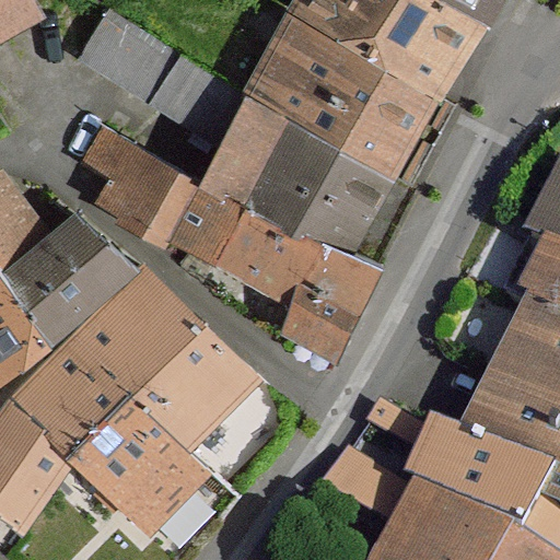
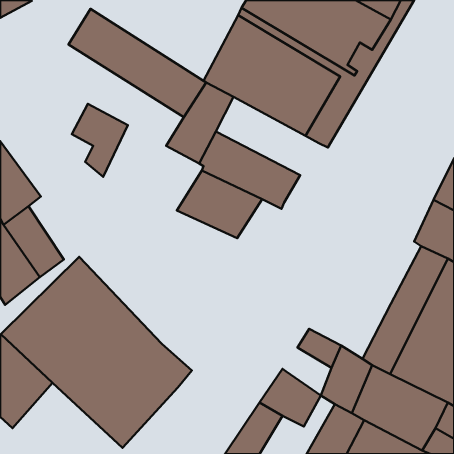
building: [266,119,393,215] -> none
building: [127,154,250,264] -> none
building: [35,218,136,319] -> none
building: [271,245,404,389] -> none
building: [97,282,236,423] -> none

